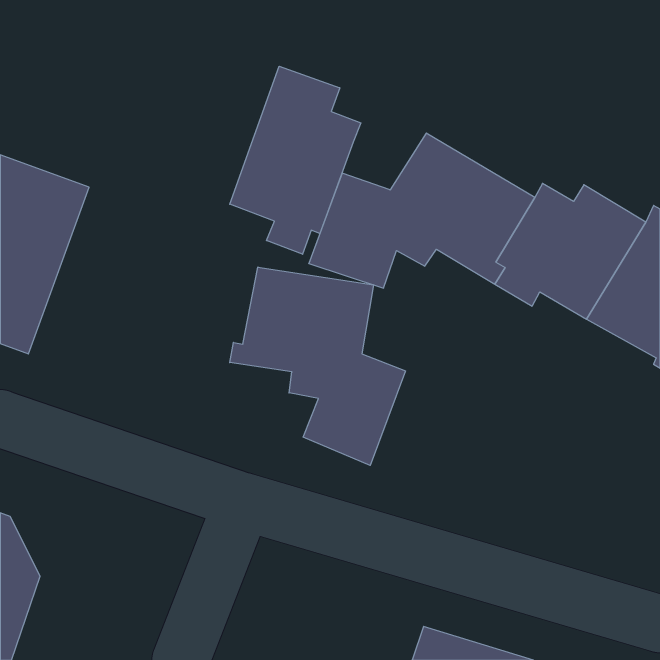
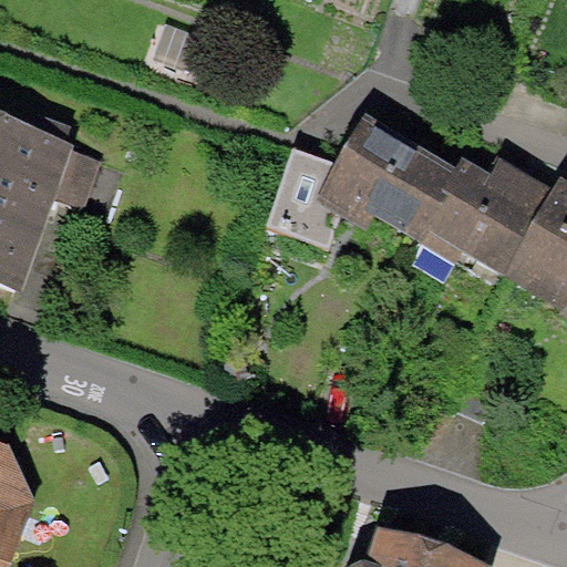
building: [230,66,361,254] -> none
building: [230,267,405,465] -> none

